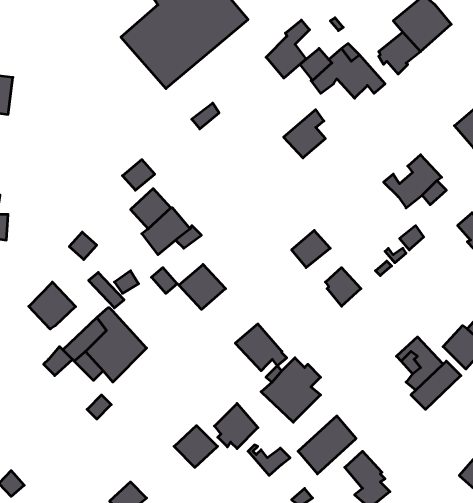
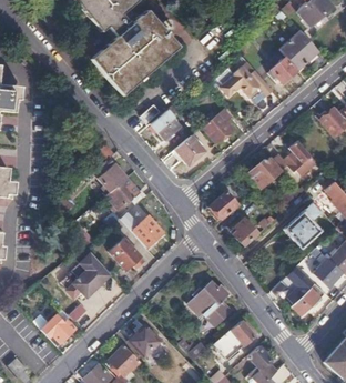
building: [266,20,310,78] -> [153,100,183,140]
building: none -> [173,134,206,168]
building: none -> [251,157,283,187]
building: none -> [284,203,322,249]
building: [29,282,76,329] -> none
building: [235,324,287,371] -> [110,238,145,270]
building: [214,403,258,449] -> [109,344,139,375]
building: none -> [41,316,74,345]

